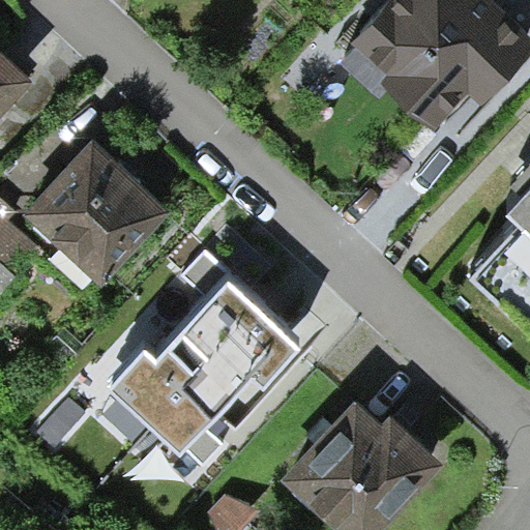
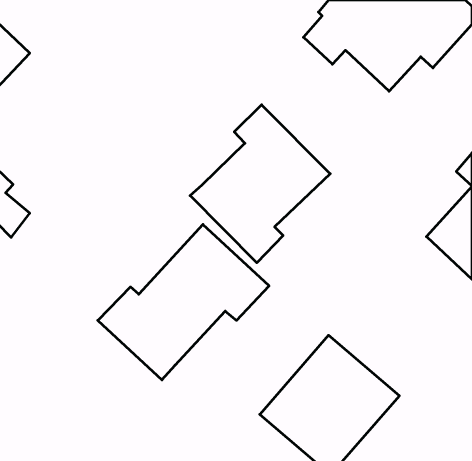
building: none -> [190,105,330,263]
building: [20,139,167,286] -> none

